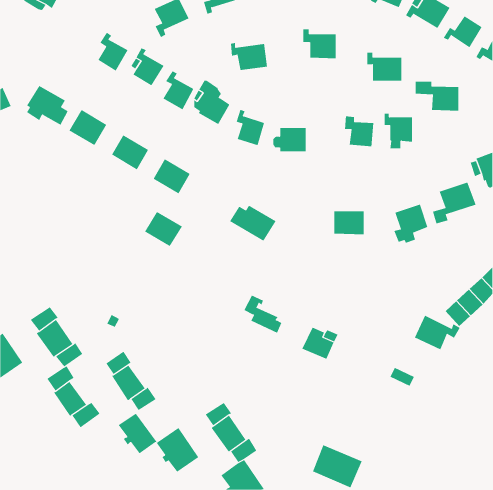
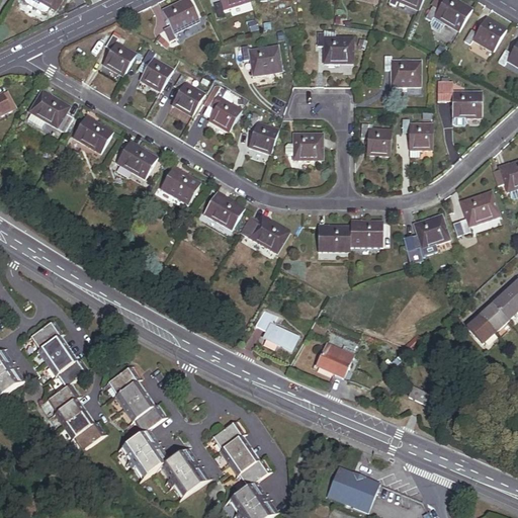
building: [144,211,183,247] -> [203,191,244,229]
building: none -> [318,226,349,250]
building: [414,315,460,350] -> none

